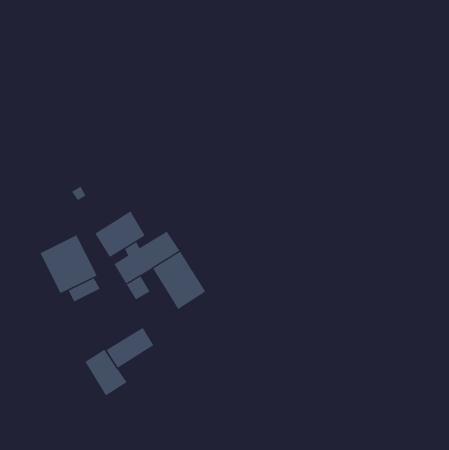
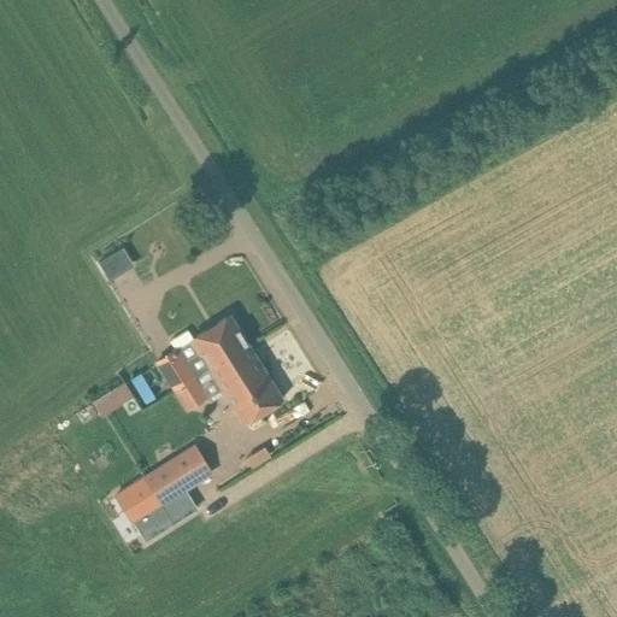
building: [95,210,145,258] -> none
building: [40,234,97,294] -> none

